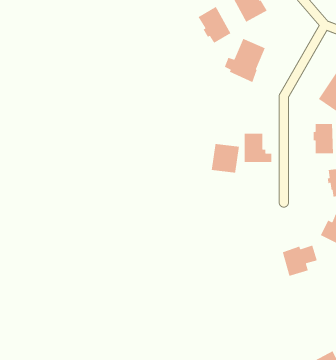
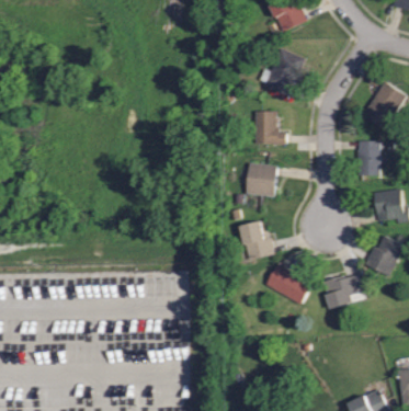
building: [198,6,231,44] -> none
building: [244,133,272,163] -> [254,111,285,144]
building: none -> [240,221,273,260]
building: none -> [265,265,311,305]

